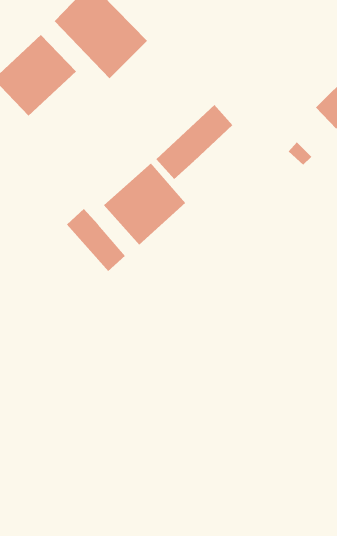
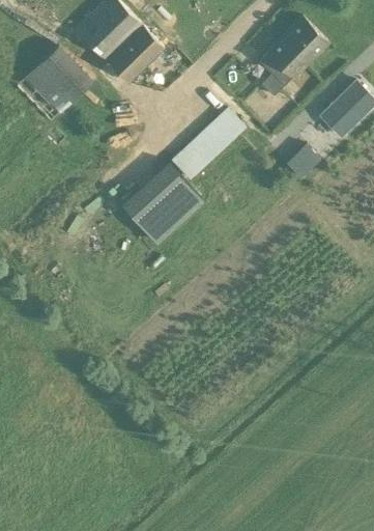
building: none -> [258,18,326,97]
building: [66,208,126,272] -> none

